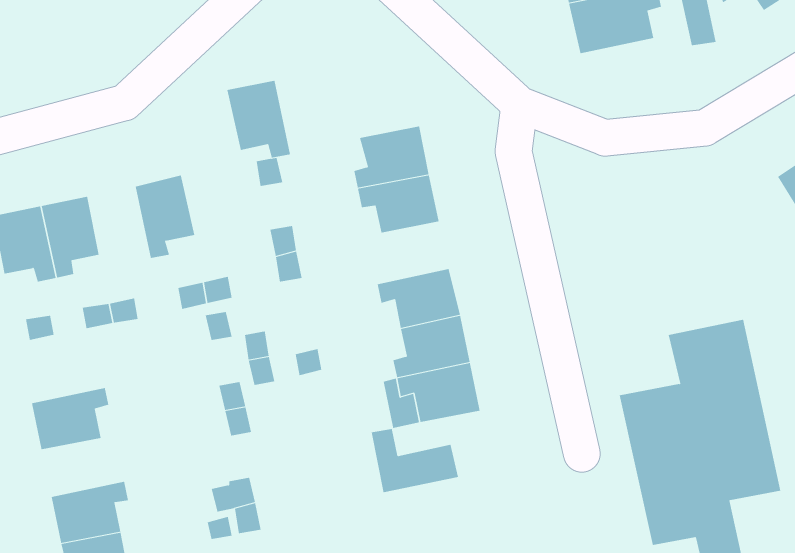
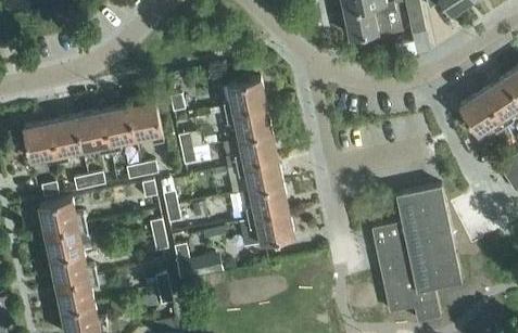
building: [226,80,291,158] -> [128,100,164,143]
building: none -> [76,112,111,154]
building: none -> [235,131,277,166]
building: none -> [39,198,86,232]
building: [371,428,459,493] -> [174,244,223,280]
building: none -> [50,252,97,284]

